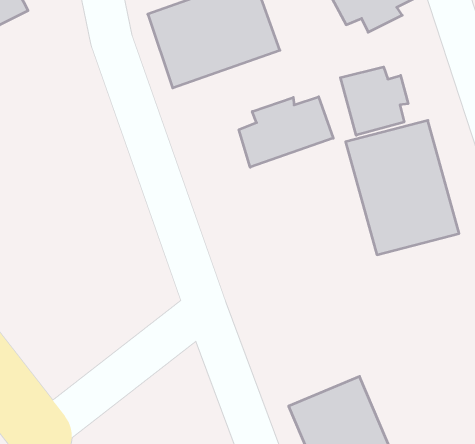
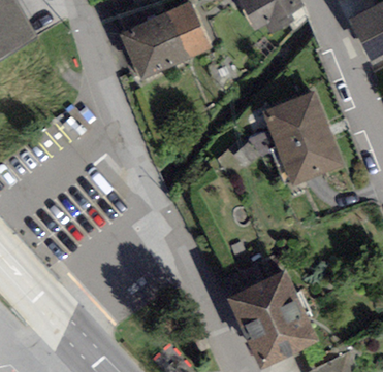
building: [340,67,408,135] -> none
building: [239,97,333,167] -> none

